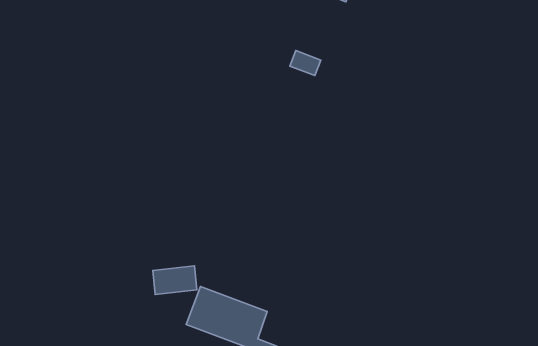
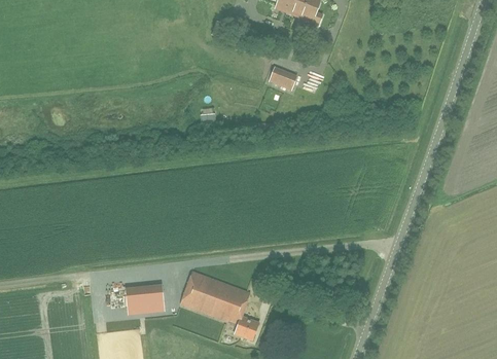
building: [153,266,197,294] -> [126,285,164,310]

